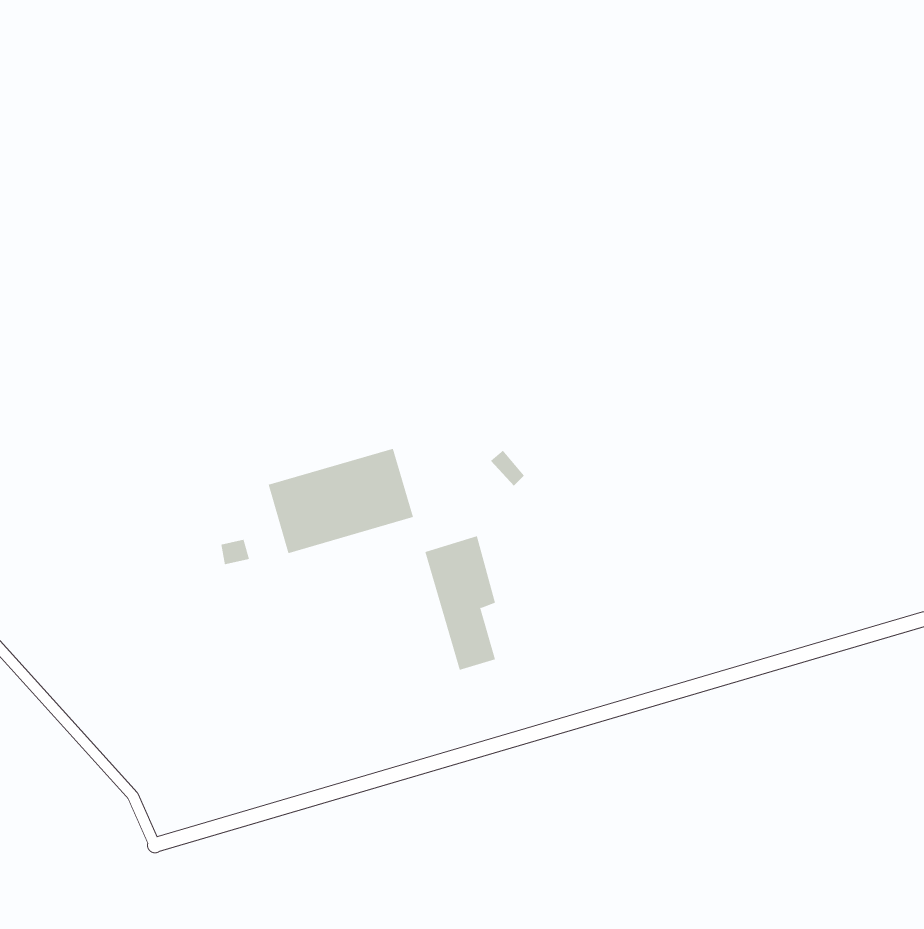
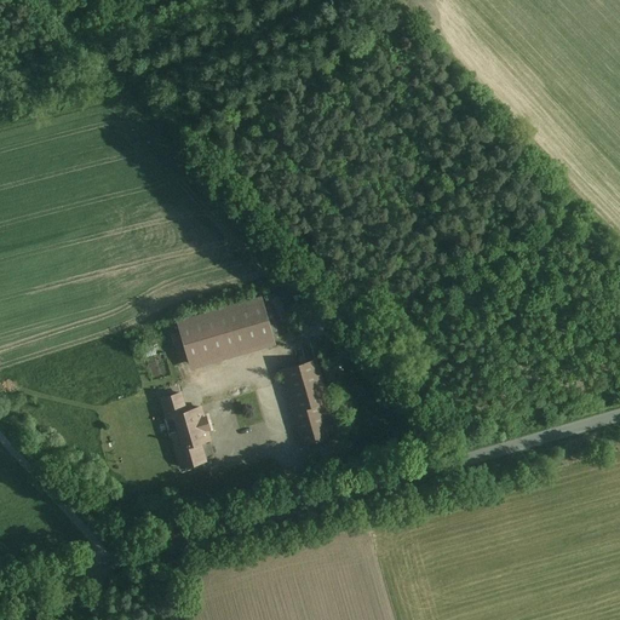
building: none -> [162,392,209,469]

